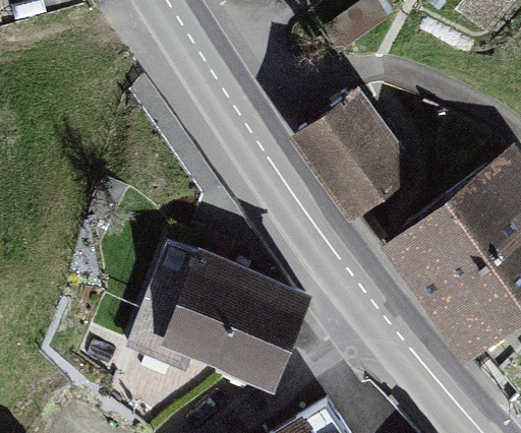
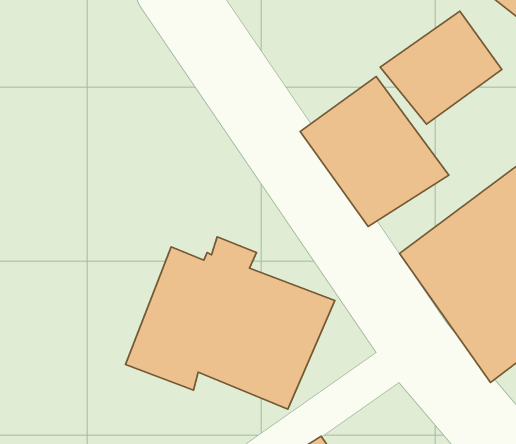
building: none -> [380,11,502,124]

